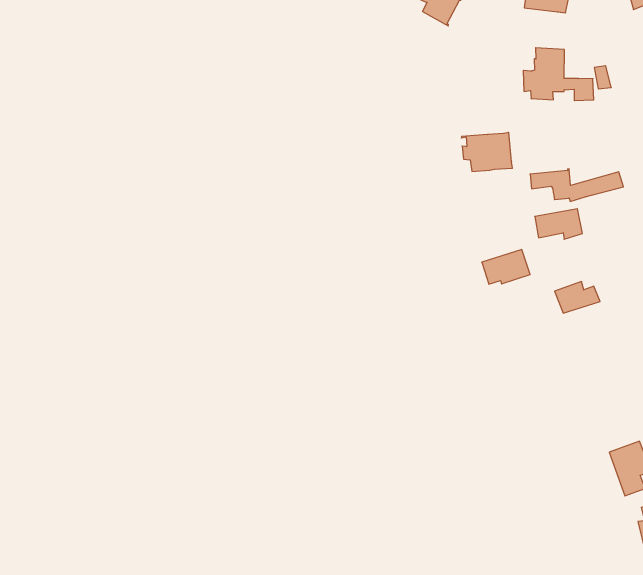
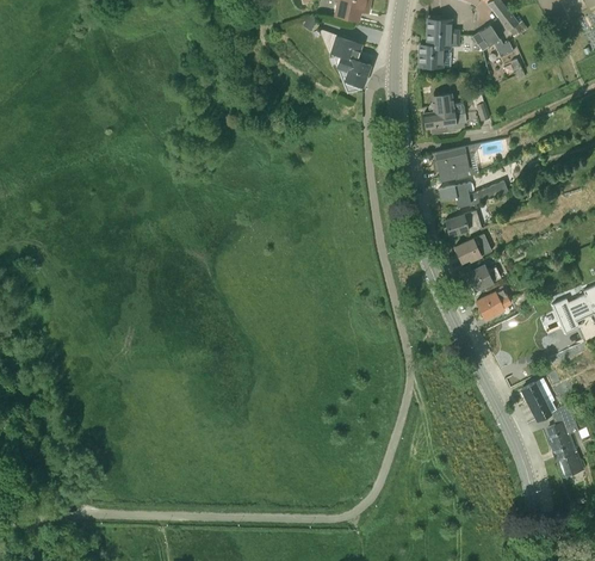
building: [461,132,512,171] -> [430,147,471,179]
building: [482,249,530,284] -> [454,234,491,263]
building: none -> [476,289,510,319]

